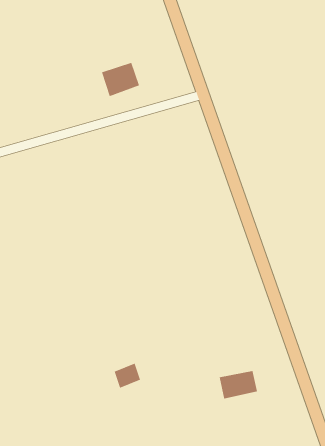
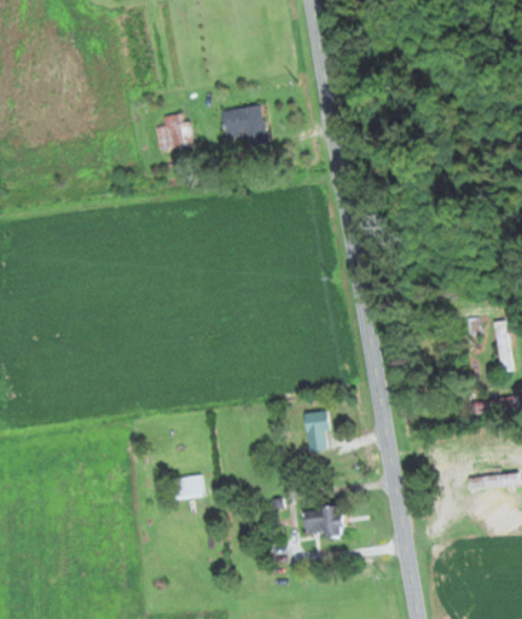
building: none -> [156,114,187,150]
building: none -> [306,410,334,451]

